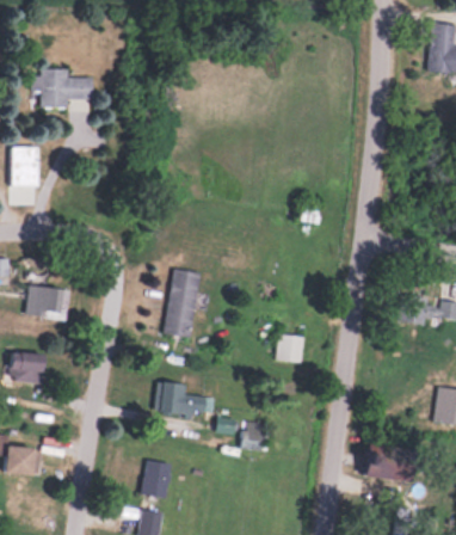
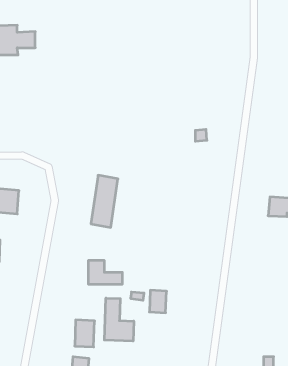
building: [279,336,302,361] -> none
building: none -> [104,298,134,341]
building: [365,445,412,482] -> none

